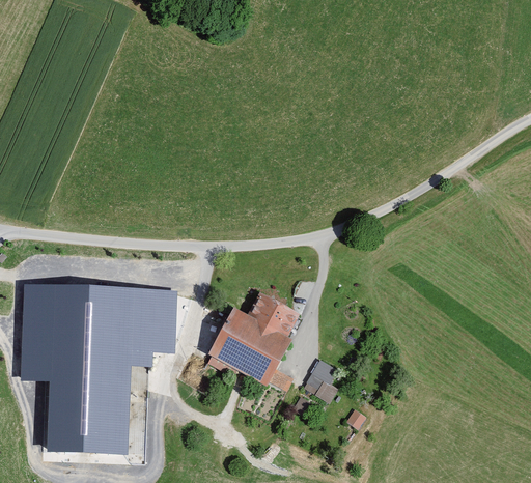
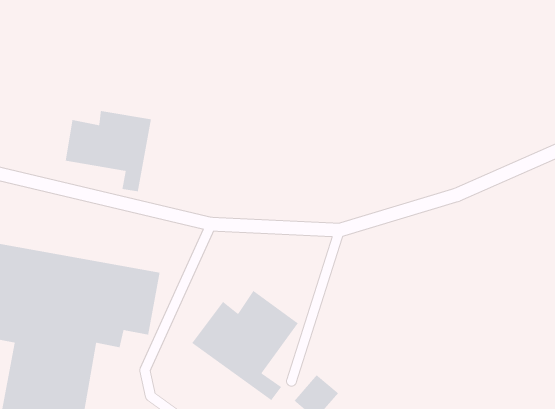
building: none -> [65,110,152,192]

